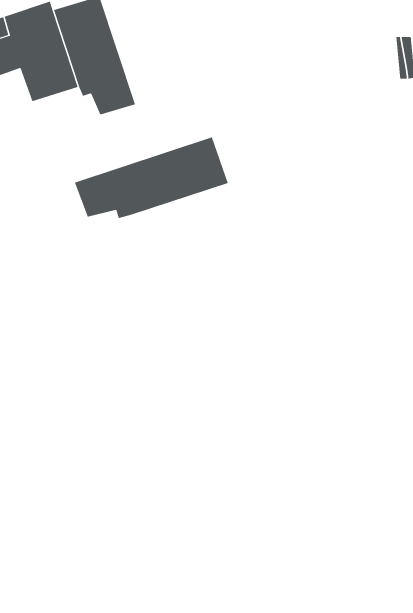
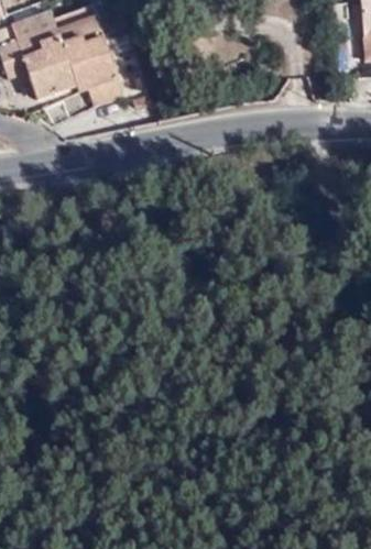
building: [74,137,228,219] -> none

